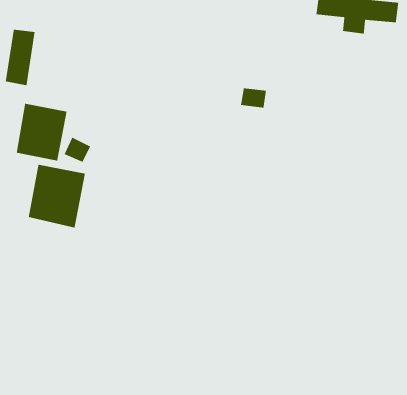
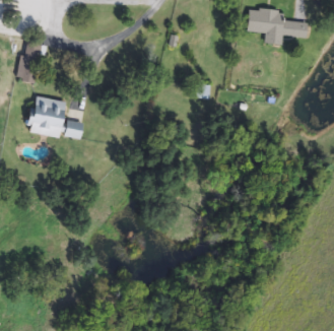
building: [28,164,86,229] -> none

